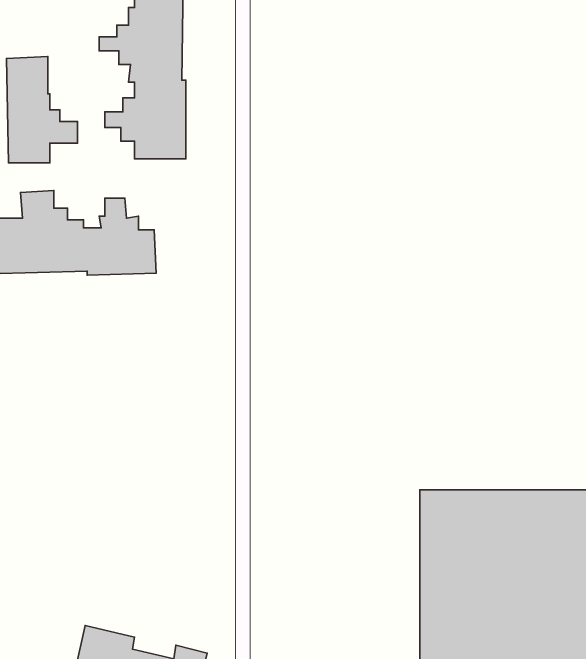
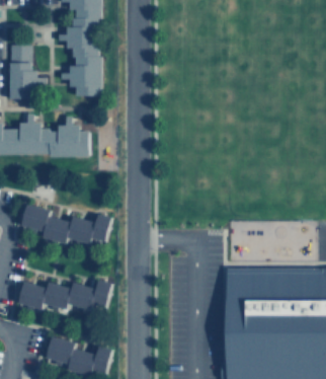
building: none -> [22,204,110,243]
building: none -> [16,281,108,313]

